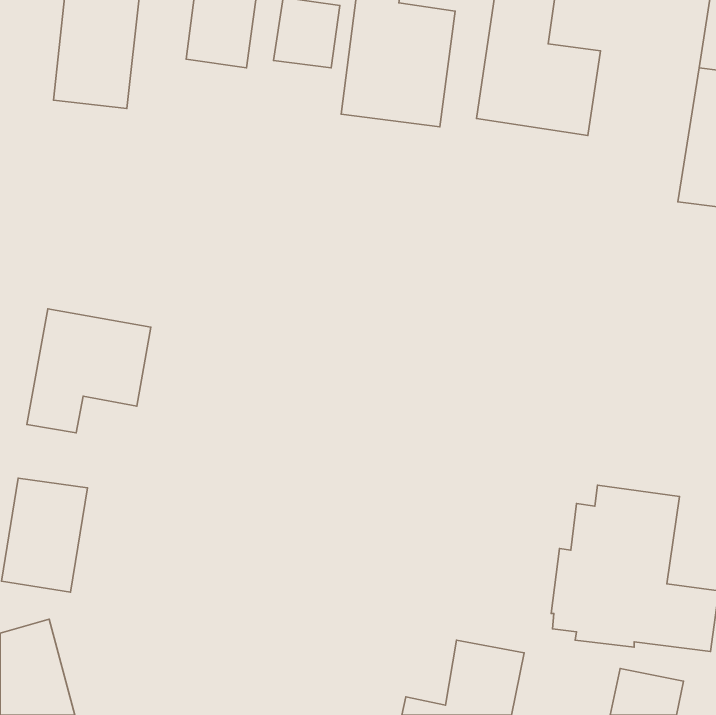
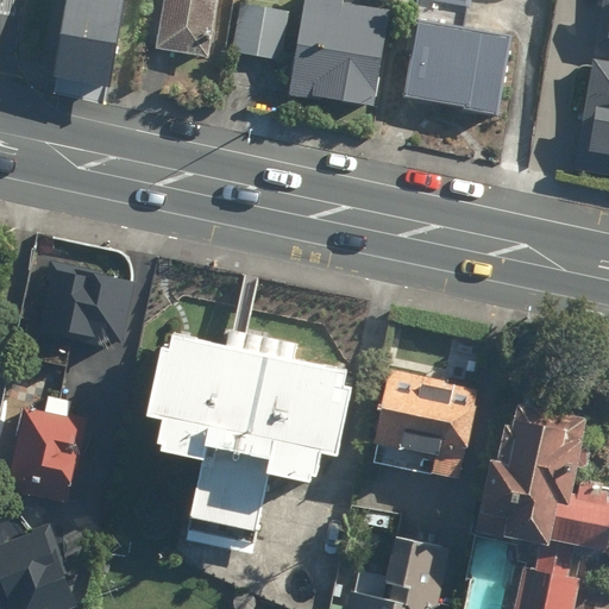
building: none -> [150,334,351,527]
building: none -> [385,379,483,467]

